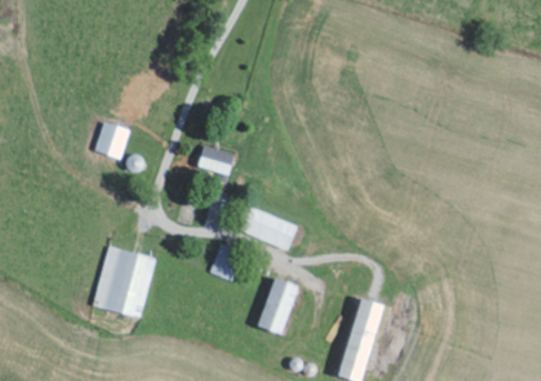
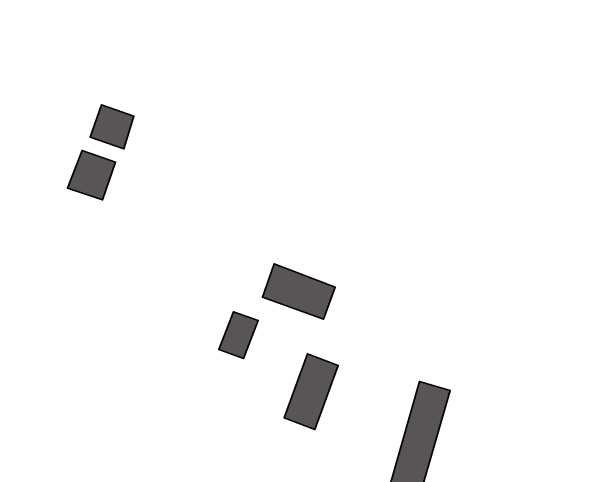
building: none -> [90,105,134,149]
building: [197,146,233,174] -> none
building: [93,247,153,317] -> none

